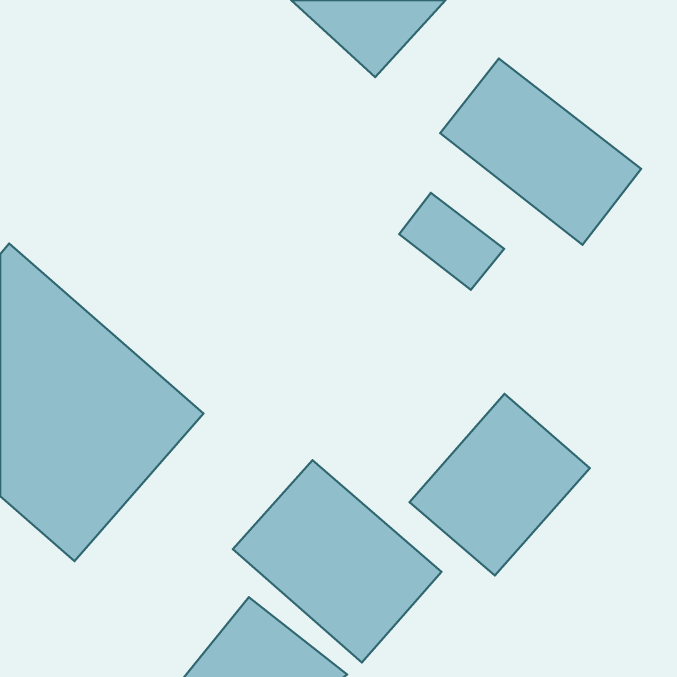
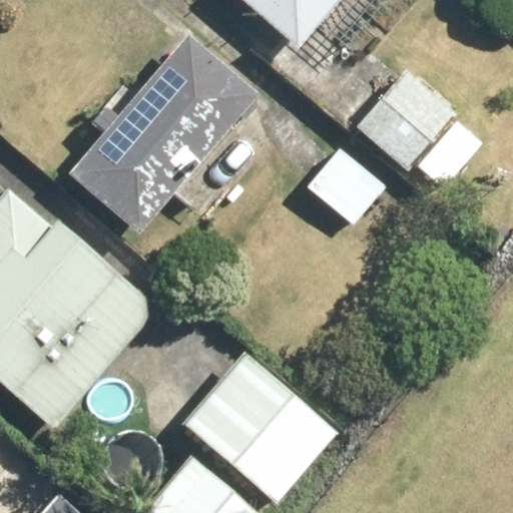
building: none -> [62,40,254,237]
building: [410,394,590,575] -> none

